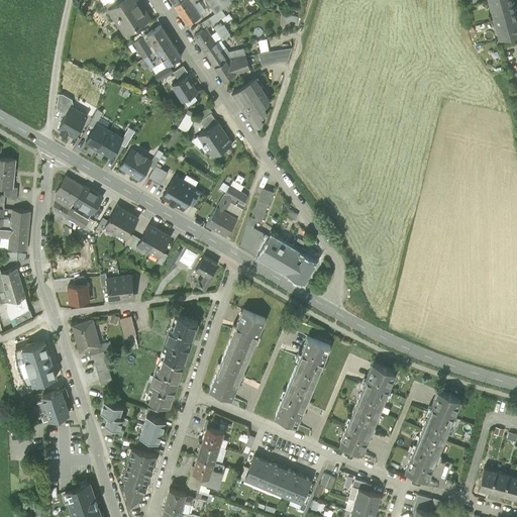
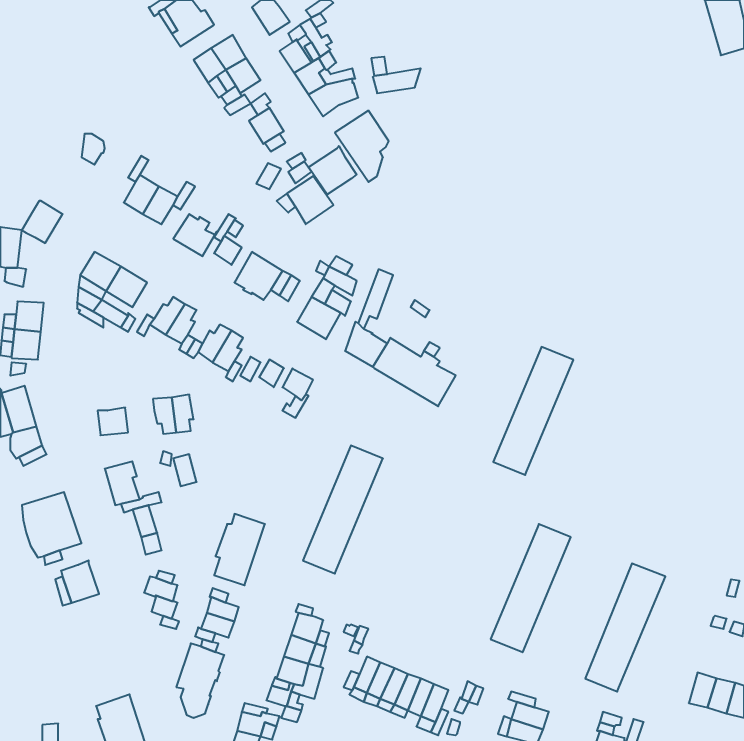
building: none -> [308,146,357,195]
building: [59,108,87,137] -> [22,201,63,243]
building: [163,316,198,366] -> none
building: [275,338,330,427] -> [493,347,573,475]

